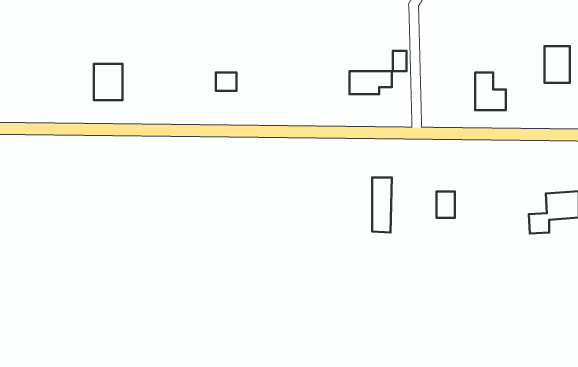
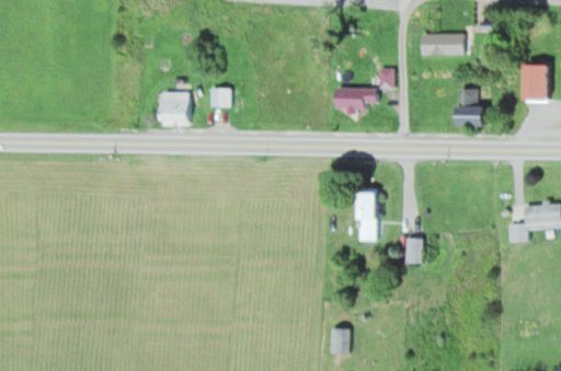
building: none -> [420,33,462,55]
building: [94,64,122,100] -> [160,91,187,126]
building: [437,192,455,218] -> [404,237,422,263]
building: none -> [329,327,348,353]

